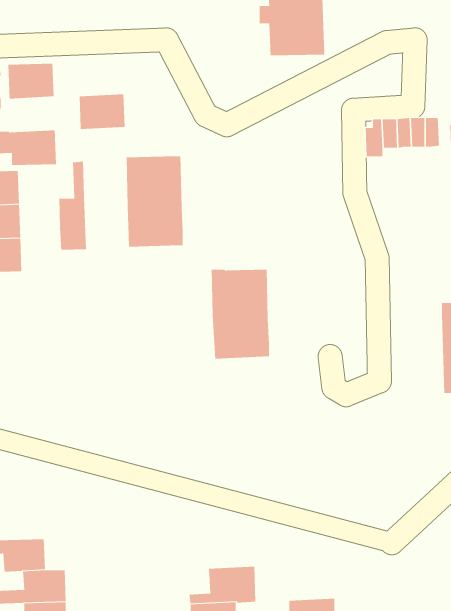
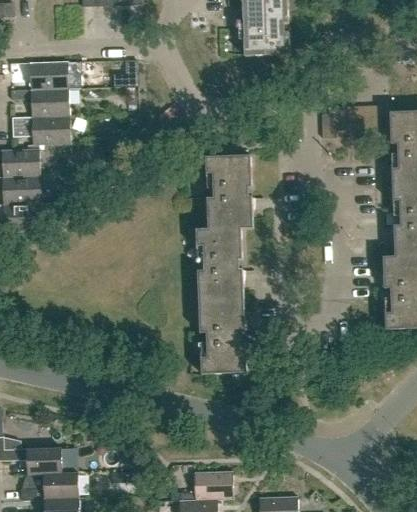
building: [79,94,126,130] -> [31,88,69,117]
building: [126,156,184,247] -> [205,155,252,229]
building: [59,161,87,250] -> none
building: none -> [198,299,246,374]

